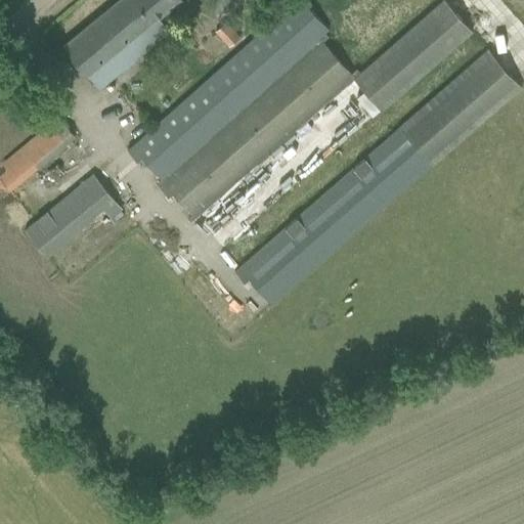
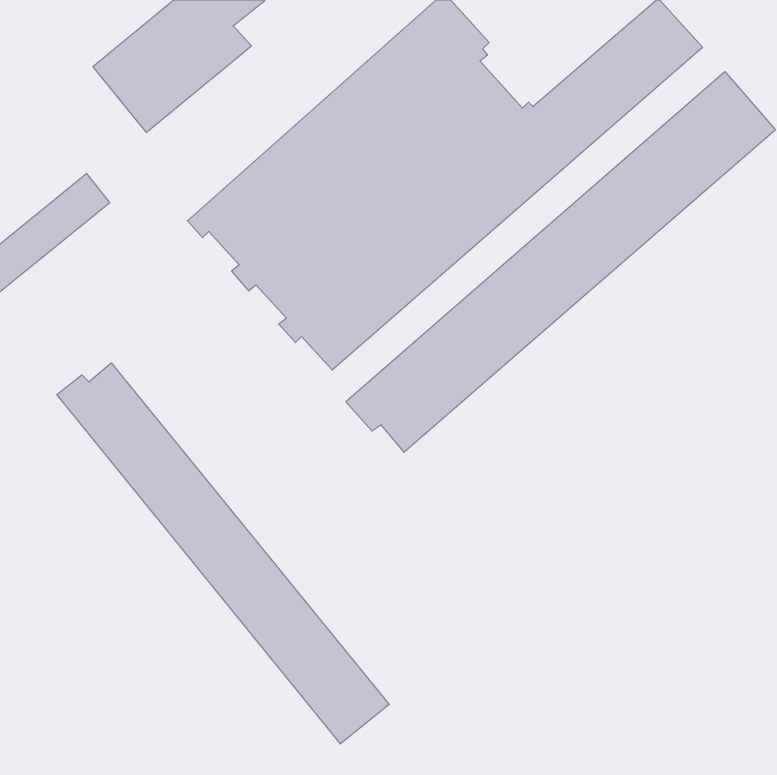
building: [21,175,121,260] -> none
building: none -> [57,363,389,744]

